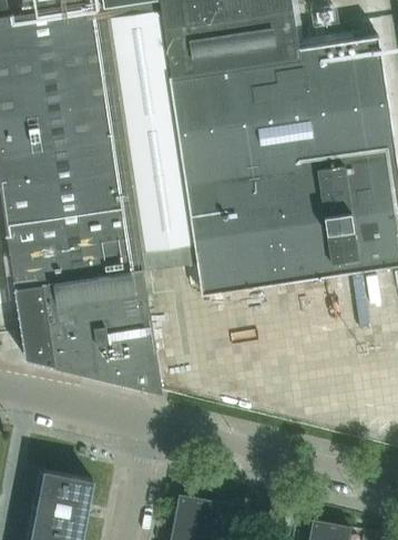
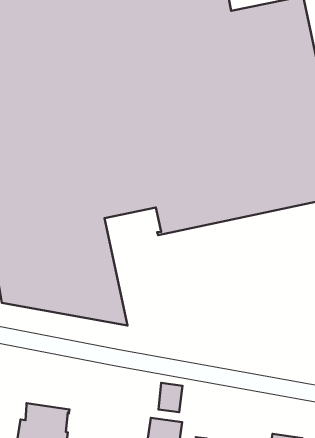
building: none -> [158,383,183,412]

